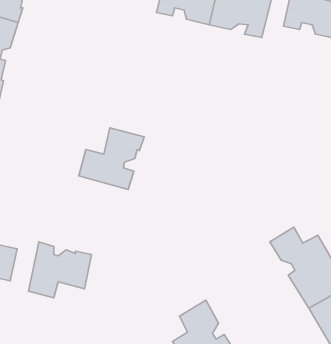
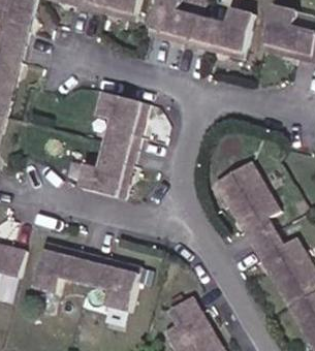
building: none -> [98,91,149,150]
building: none -> [214,163,278,245]
building: none -> [84,256,139,314]

